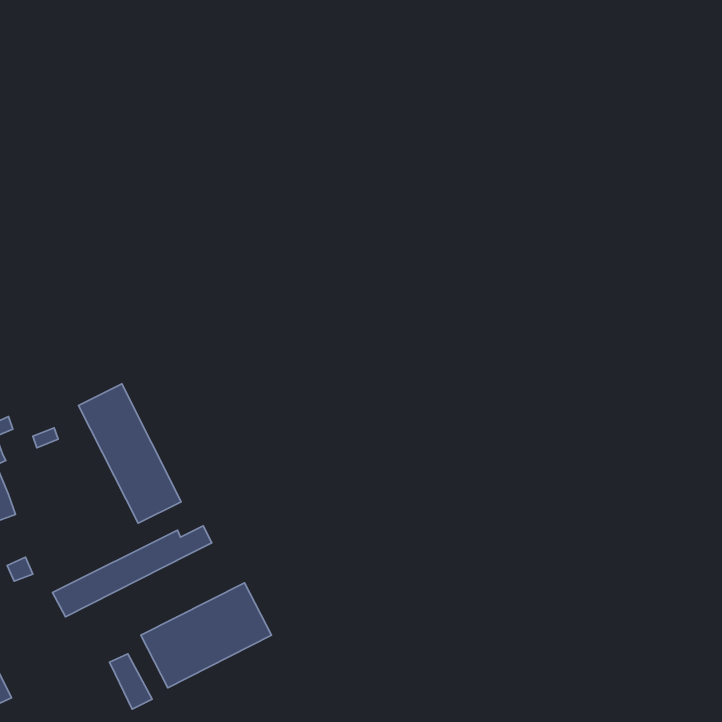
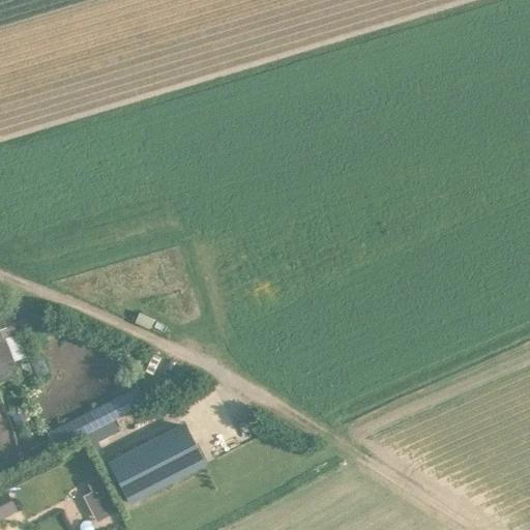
building: [79,384,181,523] -> none

